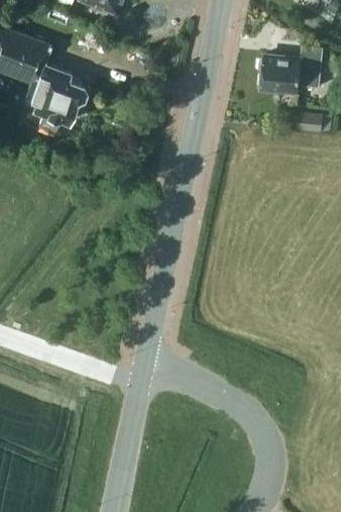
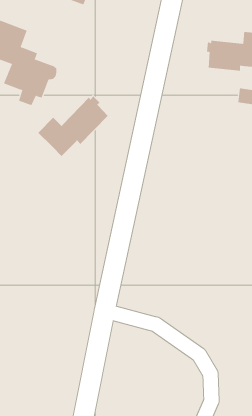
building: none -> [38,95,108,157]

